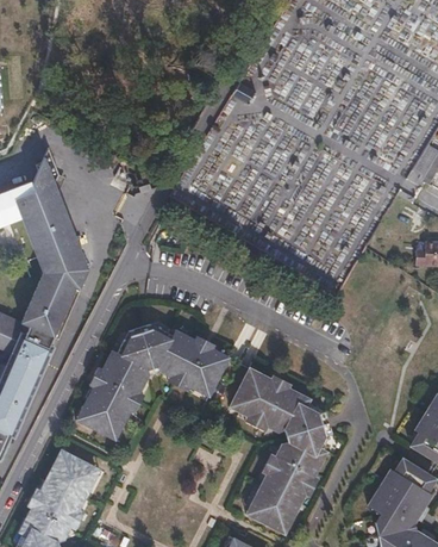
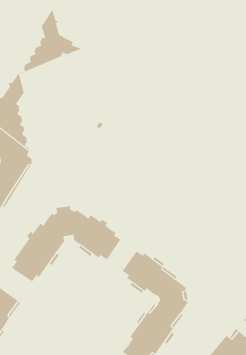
building: none -> [20,9,82,74]

